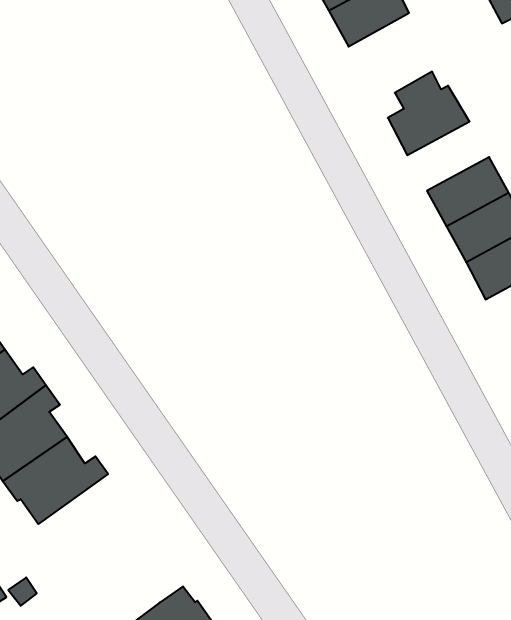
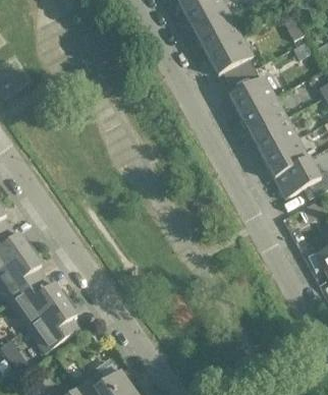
building: none -> [206,34,254,79]
building: none -> [239,96,286,135]
building: none -> [29,297,80,352]

